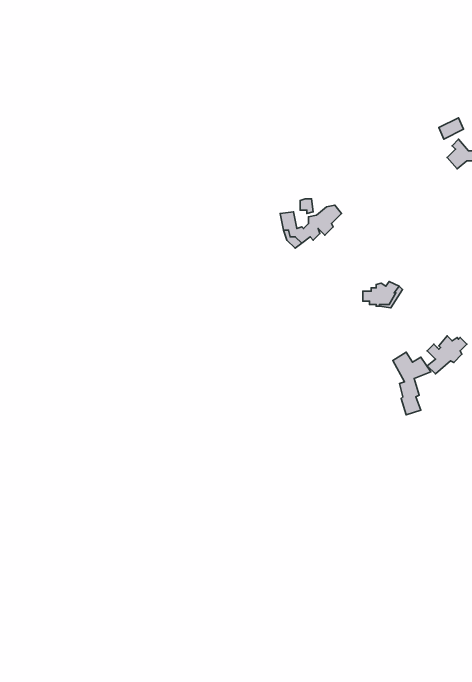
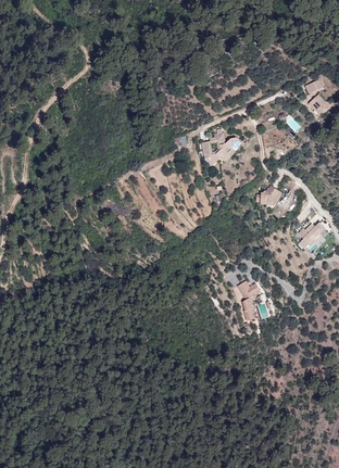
building: [393,352,431,415] -> [237,281,262,322]

